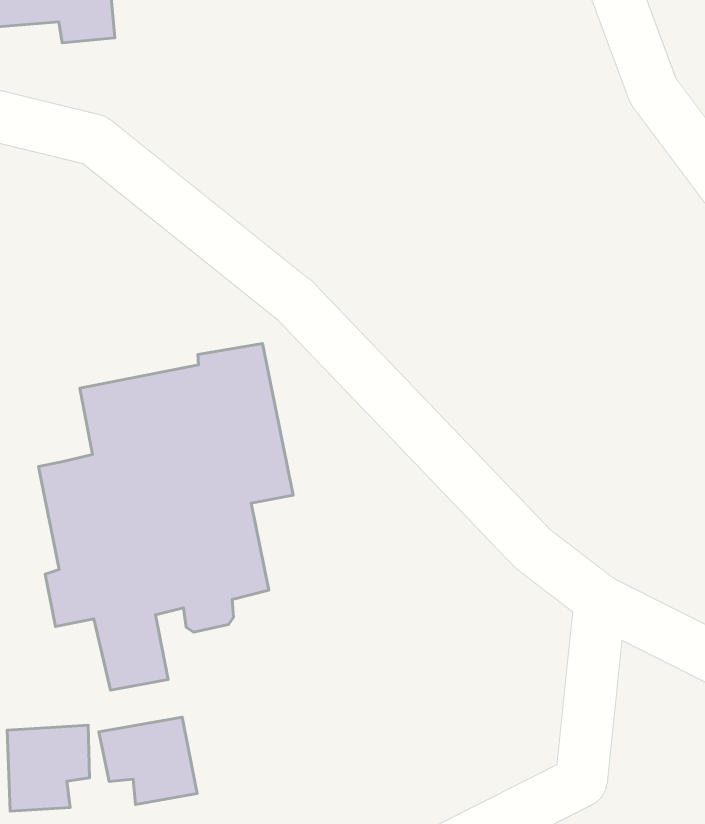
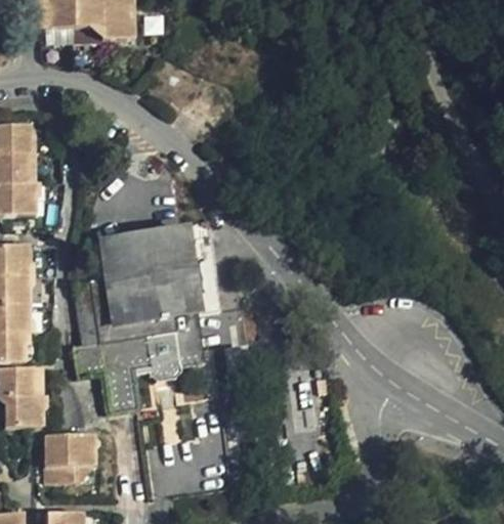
building: [99,717,197,804] -> none

